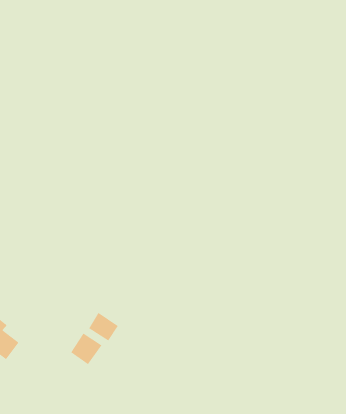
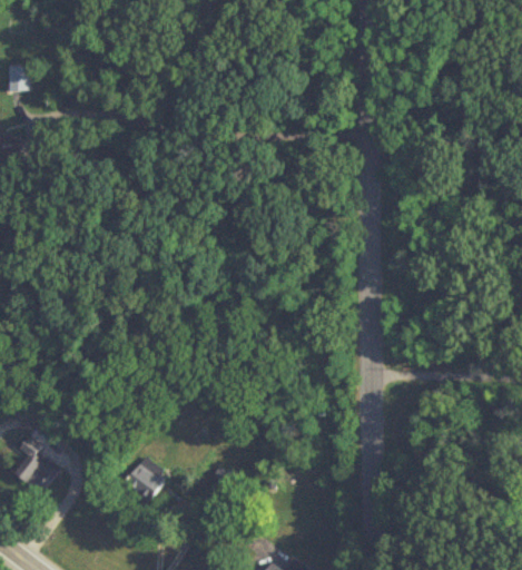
building: [88,312,119,342] -> none

